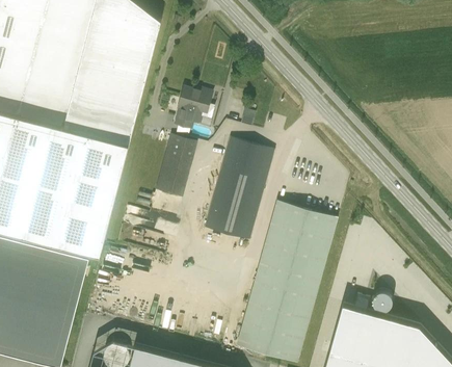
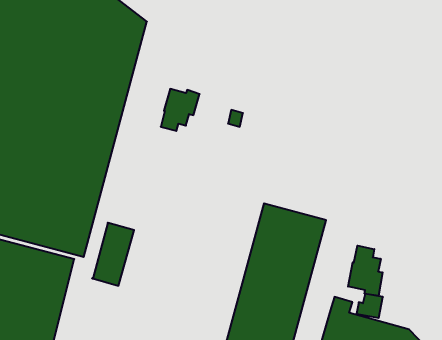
building: [154,137,195,200] -> [92,223,134,286]
building: [204,140,272,242] -> none
building: none -> [348,246,383,296]

